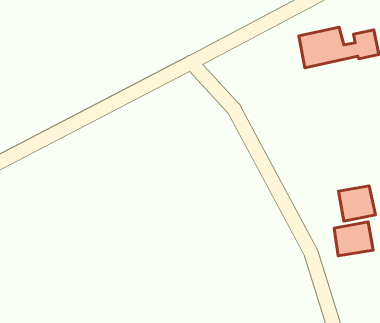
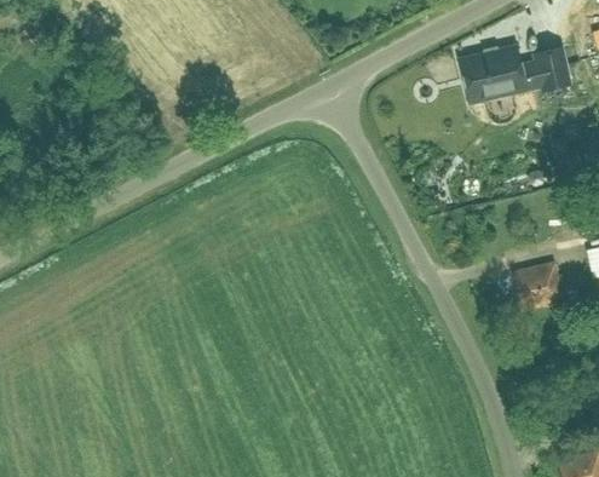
building: [334,222,373,256] -> none

